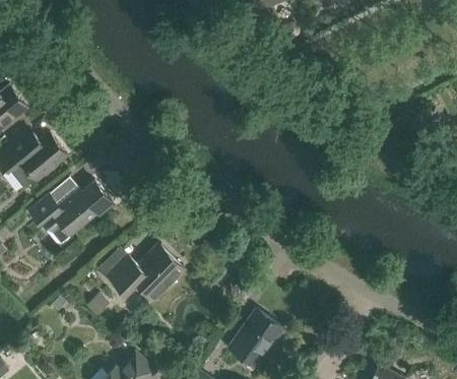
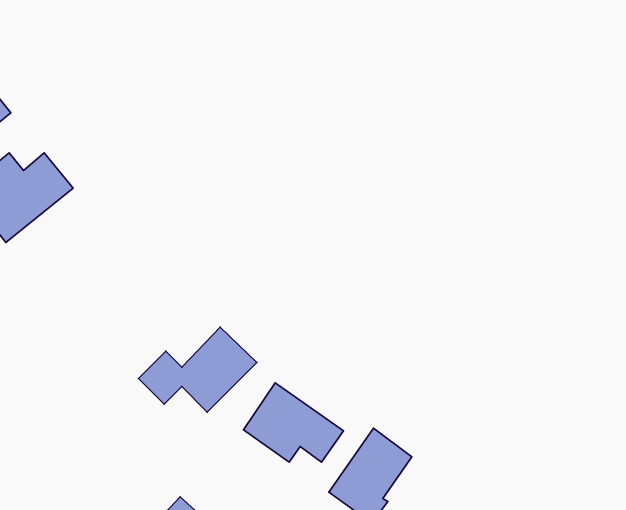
building: [28,180,113,241] -> none
building: none -> [243,383,344,462]

